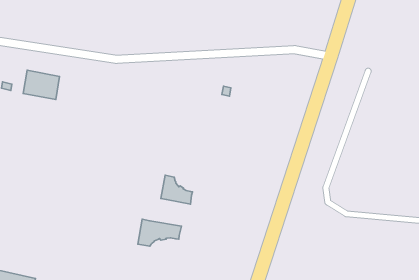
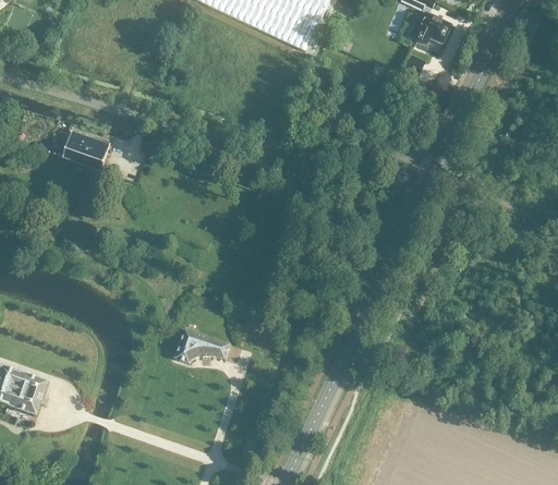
building: [161,175,192,204] -> none

